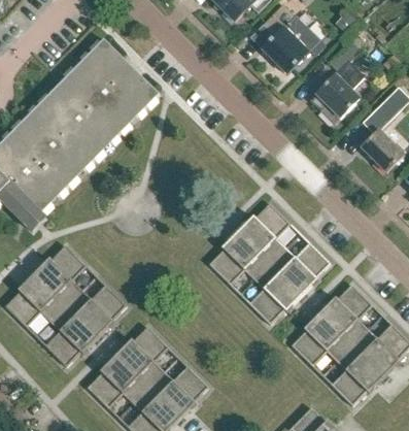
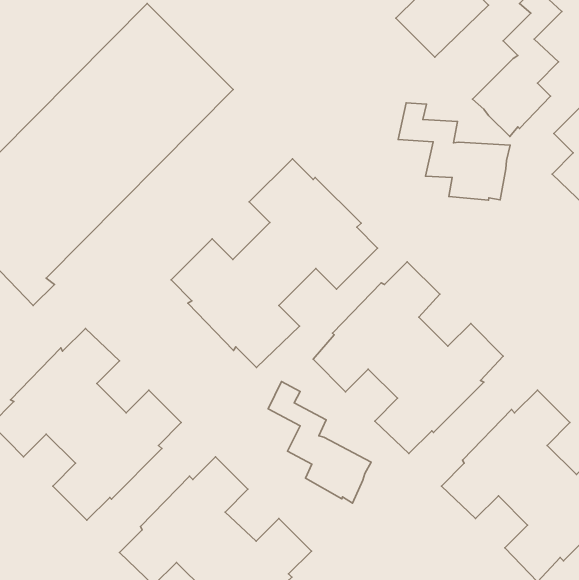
building: none -> [398,103,510,200]
building: none -> [171,159,378,367]
building: none -> [268,382,371,503]

